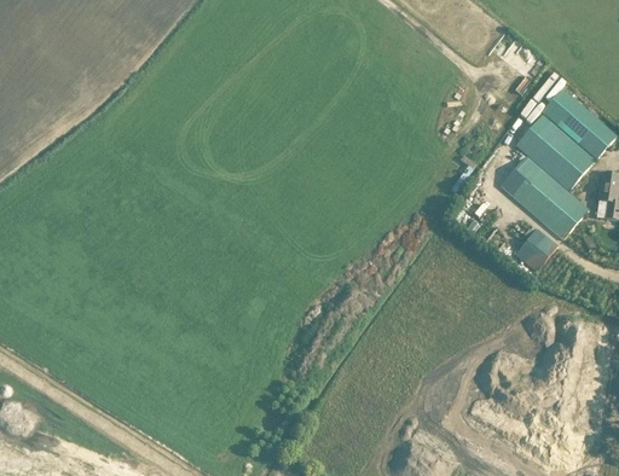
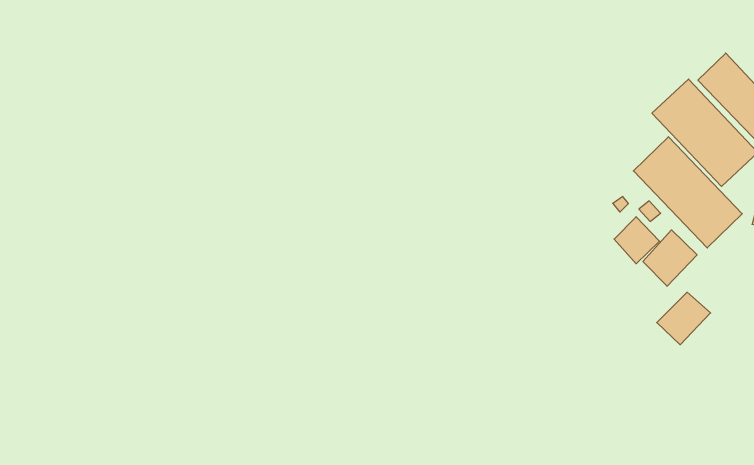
building: none -> [614,217,660,264]
building: none -> [657,292,711,345]

